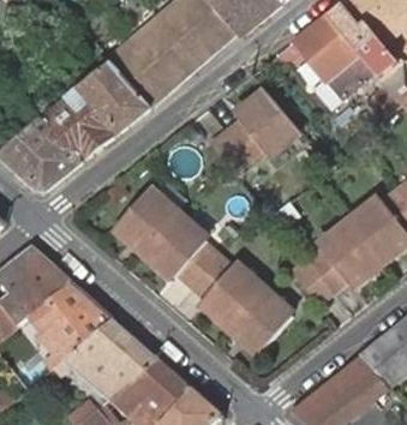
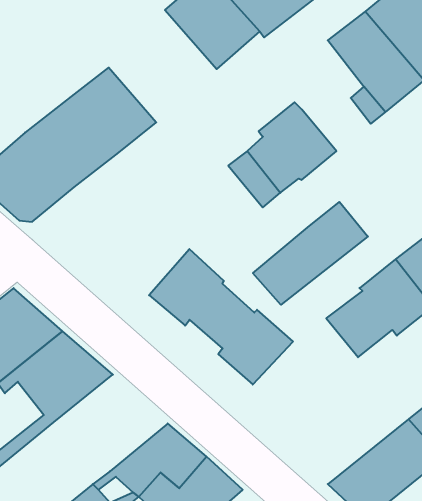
building: [107,14,200,108] -> none
building: none -> [253,202,368,305]
building: [115,188,178,252] -> none
building: [231,291,293,353] -> none
building: [65,318,160,399] -> none

